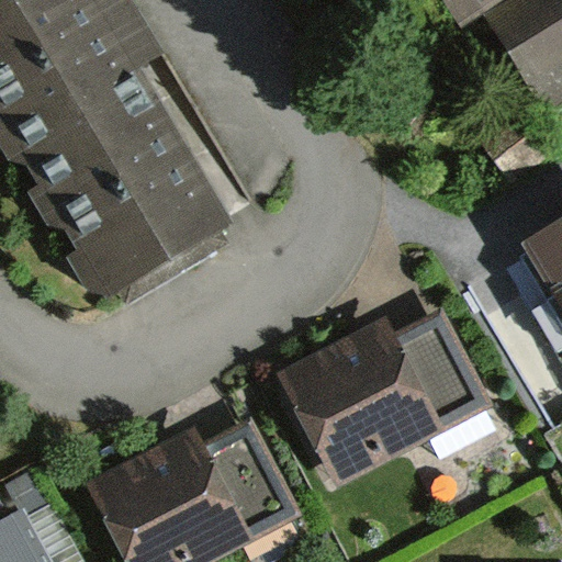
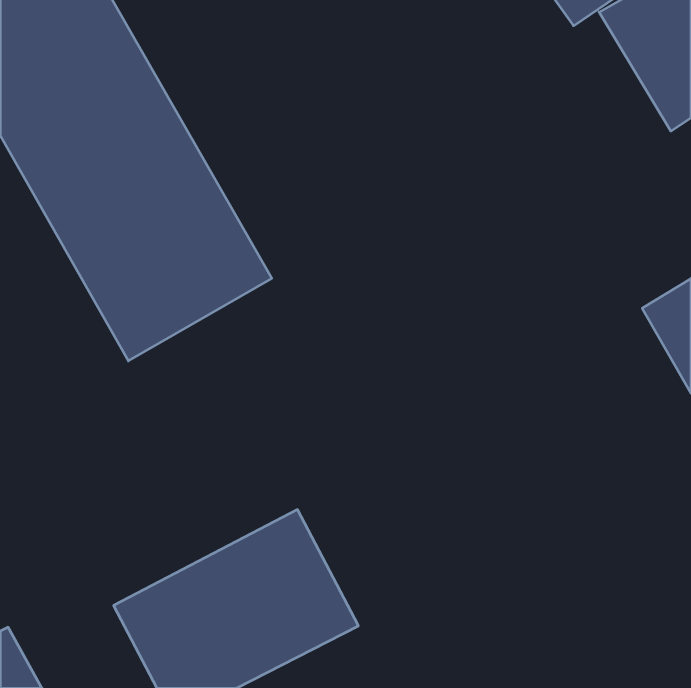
building: [280,307,477,475] -> none

